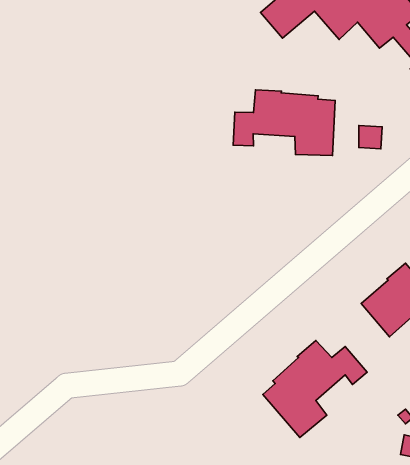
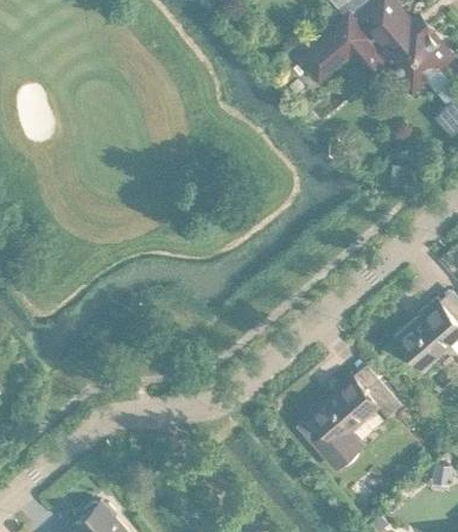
building: [233,90,335,156] -> none

